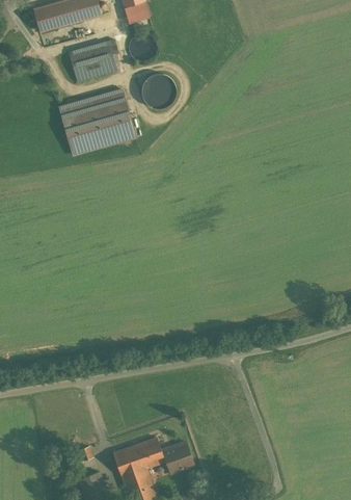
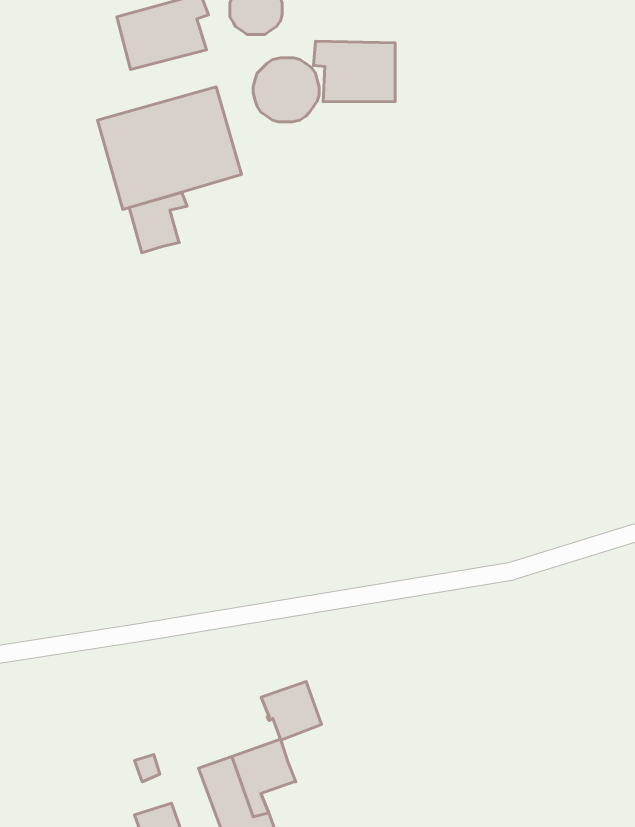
building: none -> [313,41,395,102]
building: none -> [129,192,187,253]
building: [161,442,193,473] -> [261,682,322,740]

